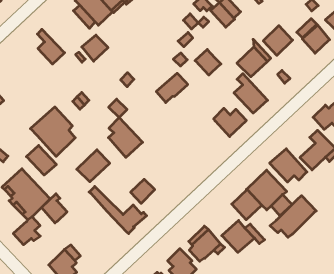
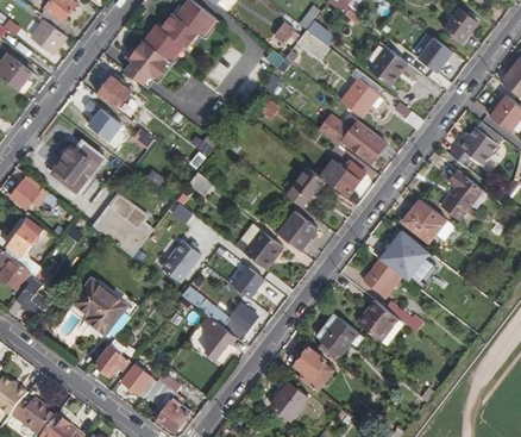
building: [82,35,108,61] -> [98,76,131,110]
building: [195,49,221,75] -> [319,112,352,144]
building: none -> [52,138,105,191]
building: [156,73,188,103] -> [287,167,325,206]
building: [108,118,143,157] -> [238,220,283,269]
building: none -> [277,211,316,250]
building: [26,145,56,175] -> none
building: [41,194,67,223] -> [123,360,156,397]
building: [270,196,316,237] -> none
building: none -> [199,314,237,360]

